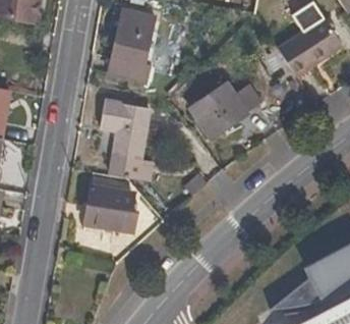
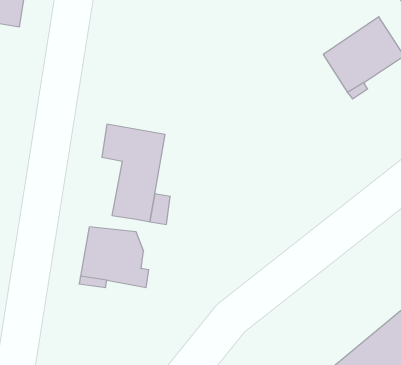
building: [107,7,155,85] -> none
building: [188,82,260,139] -> none

